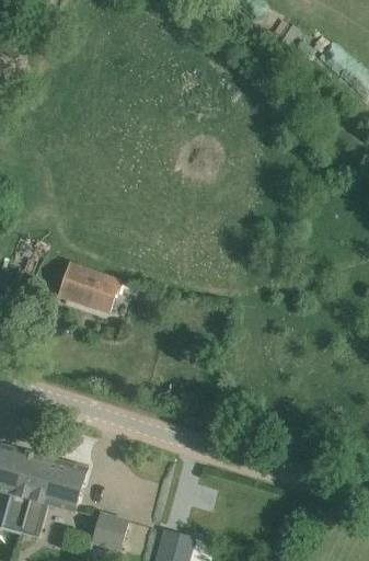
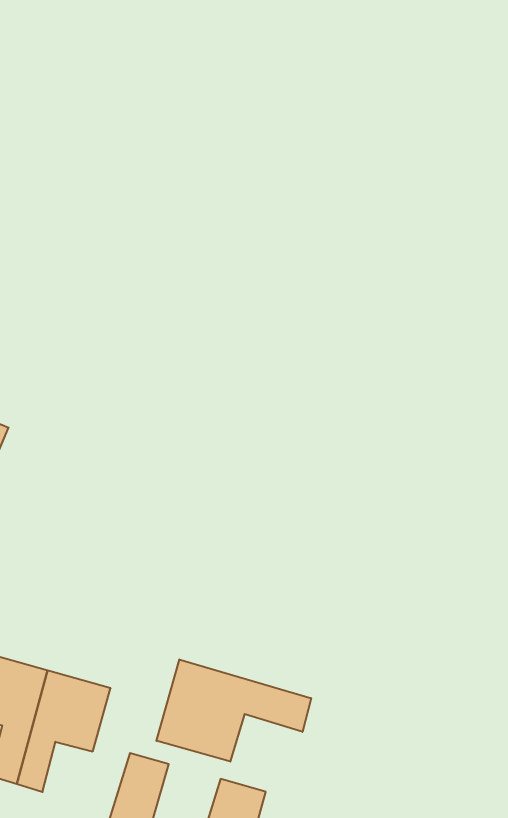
building: [56,259,118,310] -> none
building: none -> [156,659,311,762]

